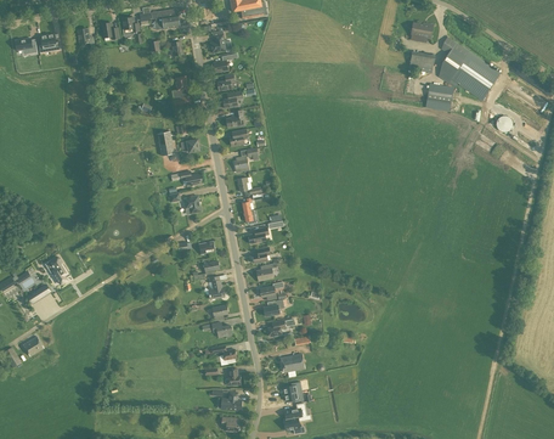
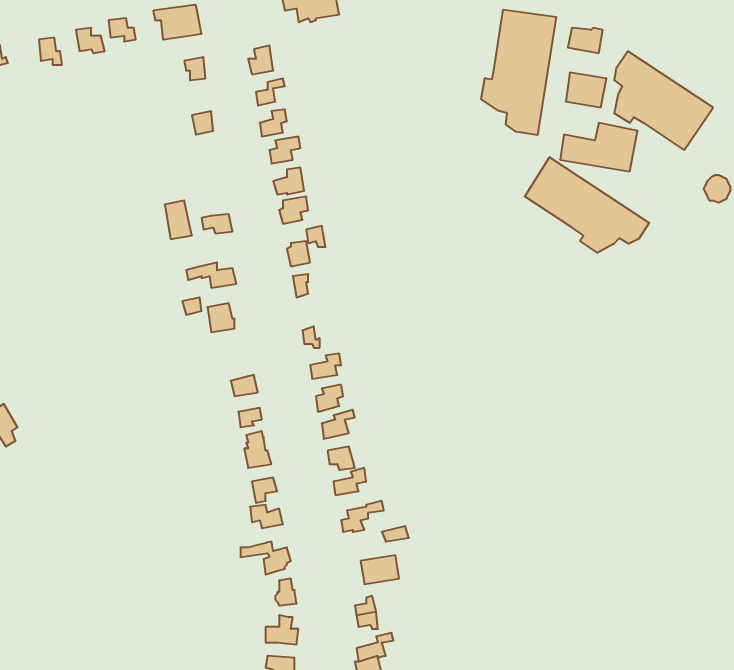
building: none -> [481,10,556,135]
building: none -> [525,157,649,253]

